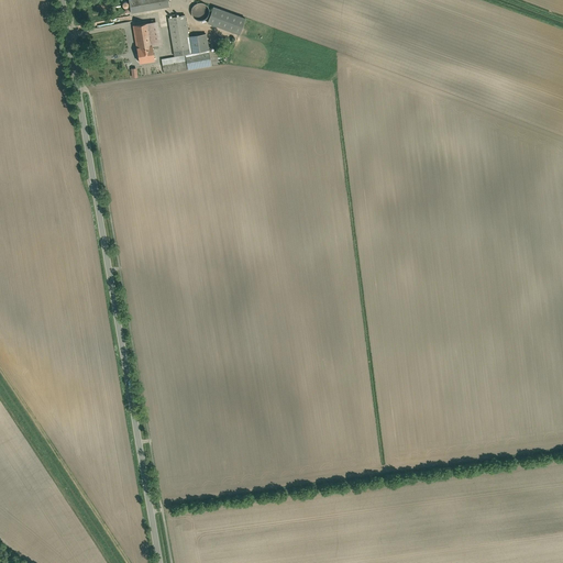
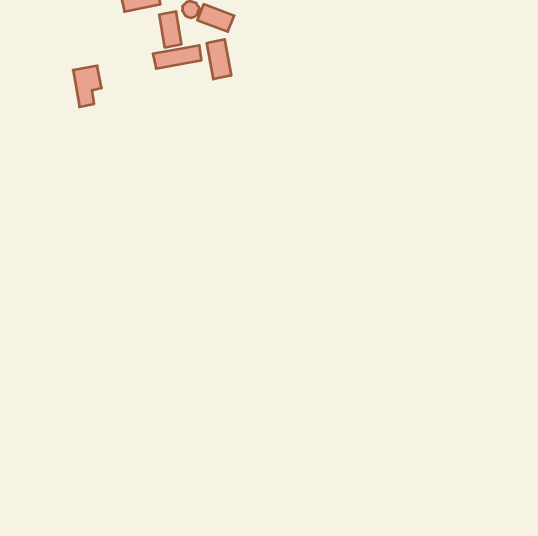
building: [132,20,162,63] -> [73,66,102,107]
building: none -> [207,39,231,79]

